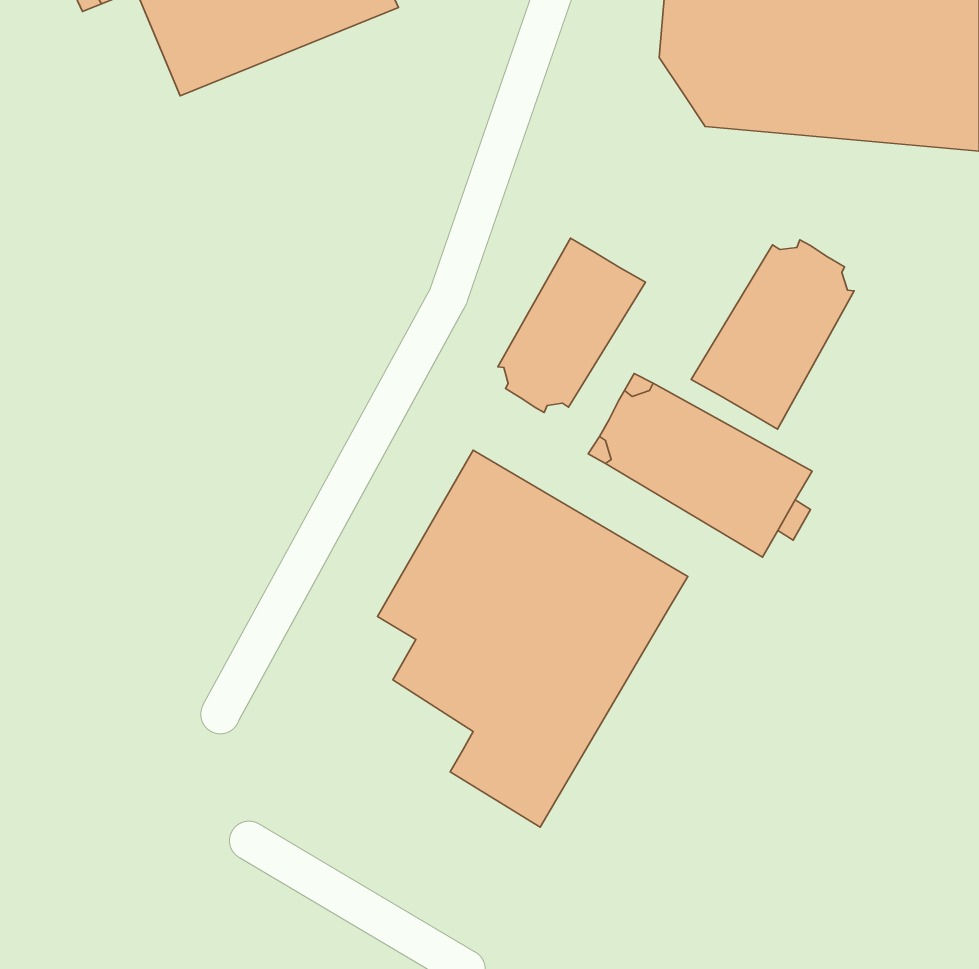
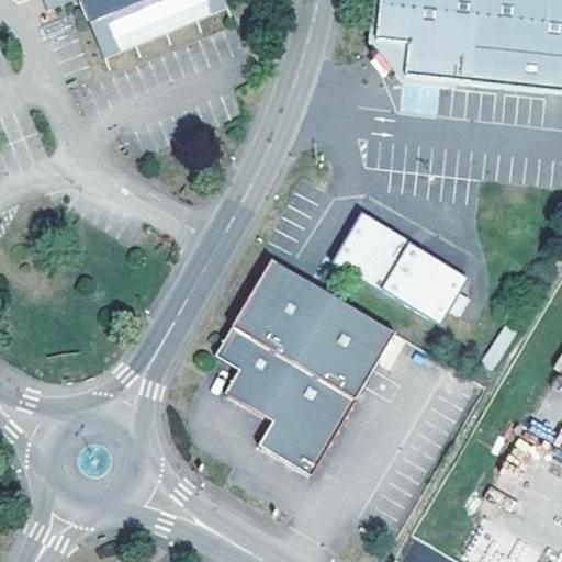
building: [498,238,645,413] -> none
building: [691,240,854,429] -> none

